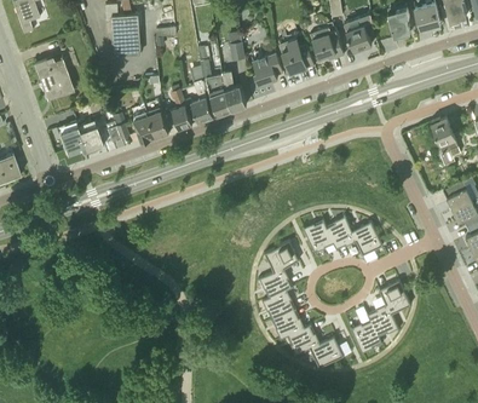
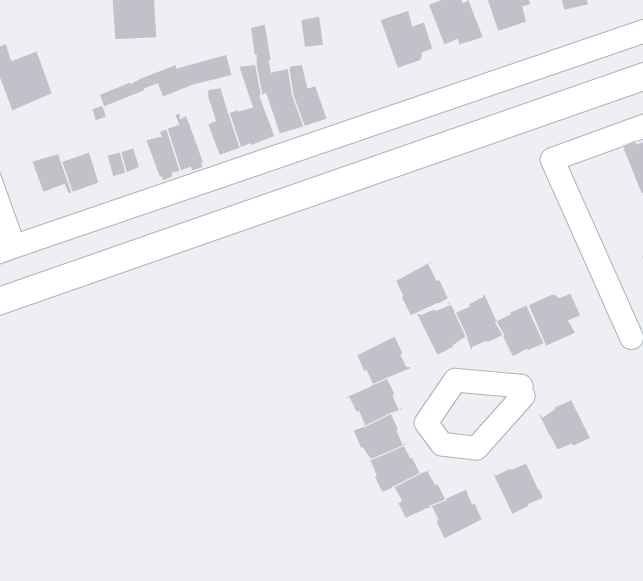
building: [252,51,281,84] -> none
building: none -> [99,54,232,107]
building: none -> [393,261,449,316]
building: none -> [528,286,581,347]
building: [365,303,398,335] -> none

